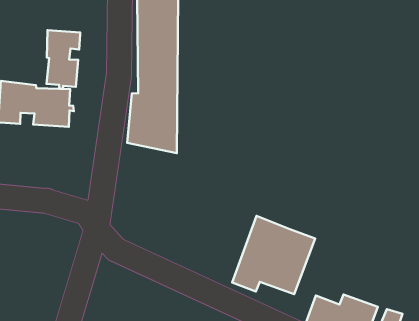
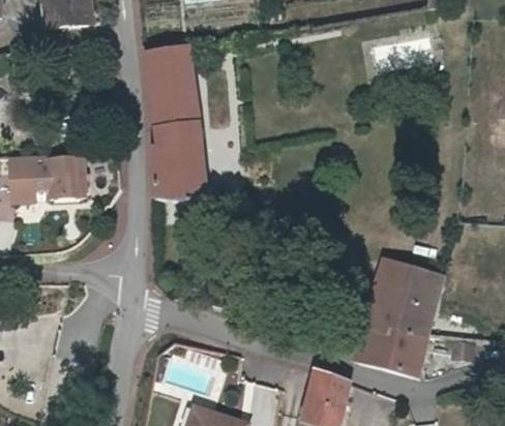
building: [46,30,80,89] -> none
building: [232,216,315,294] -> [364,260,443,336]

